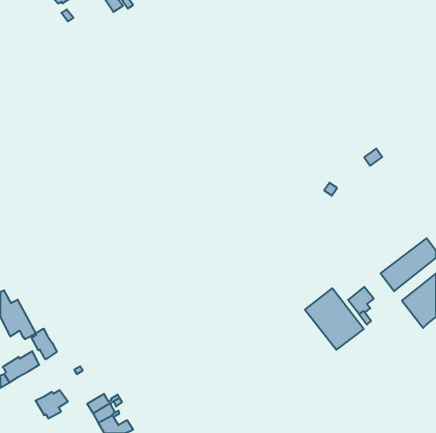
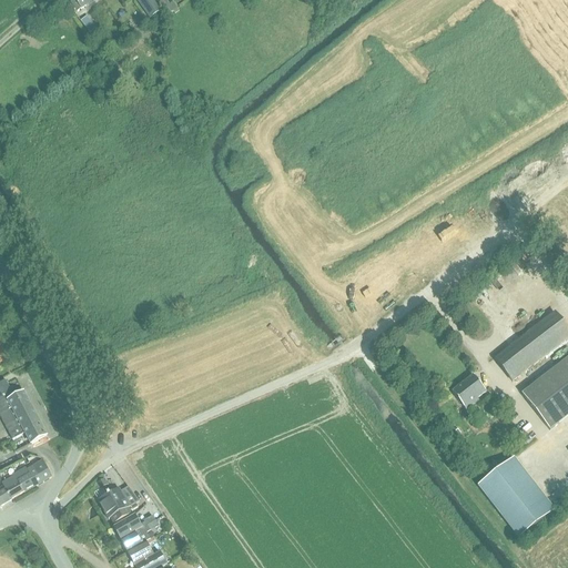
building: [305,288,364,350] -> [478,455,555,535]
building: [31,329,57,359] -> none
building: [35,390,68,418] -> [98,484,140,520]

